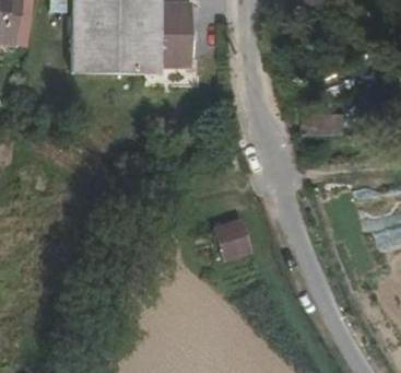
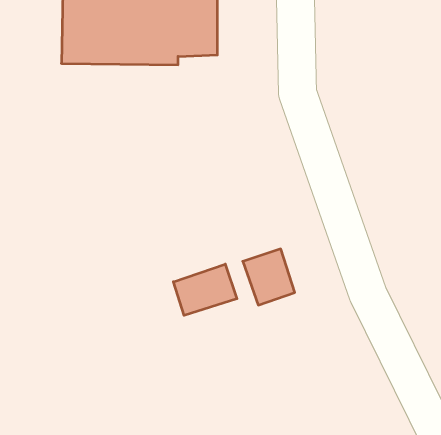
building: none -> [173,264,237,315]

